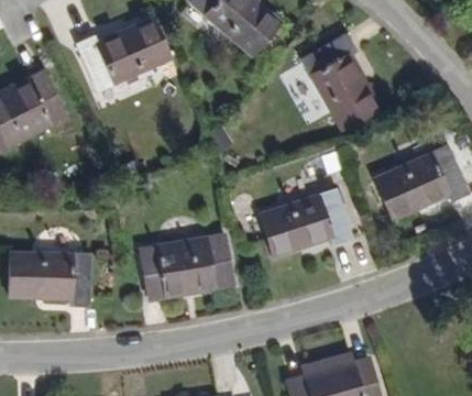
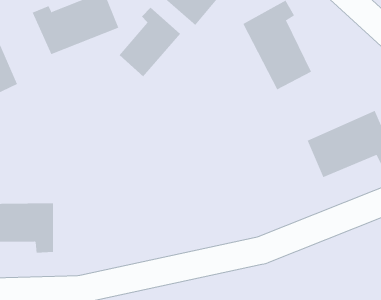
building: none -> [119,7,181,77]
building: [260,192,353,257] -> none
building: [134,230,230,297] -> none

